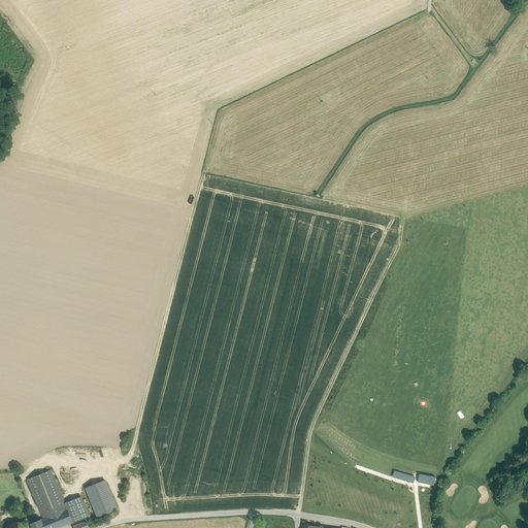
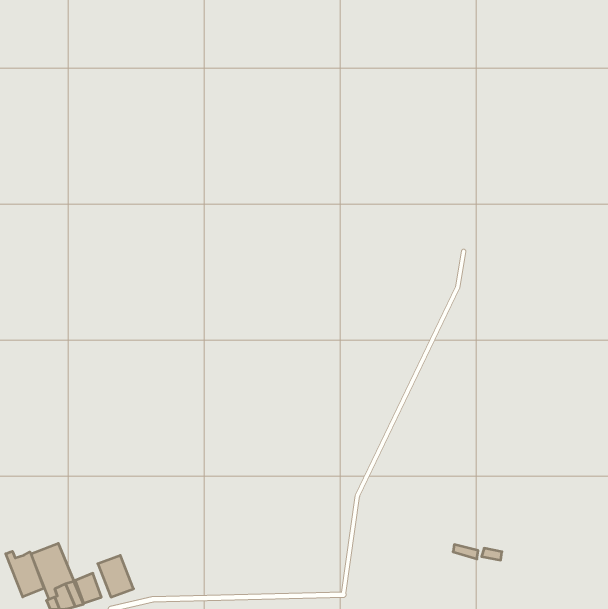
building: none -> [6,551,44,597]

